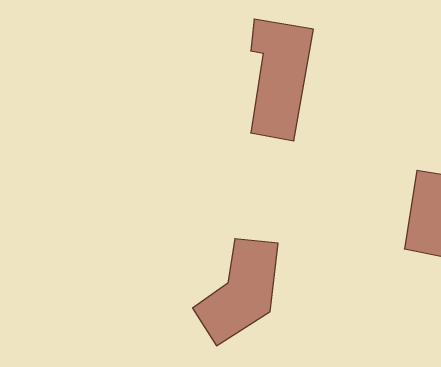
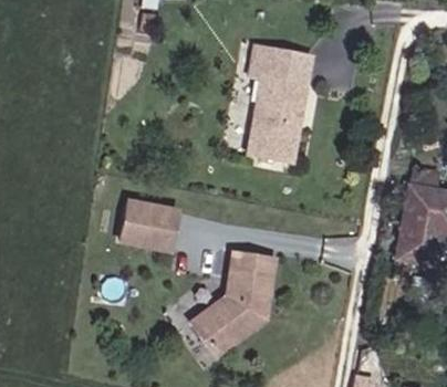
building: none -> [116,201,175,249]

